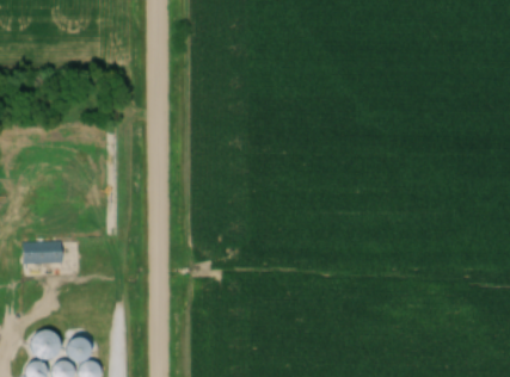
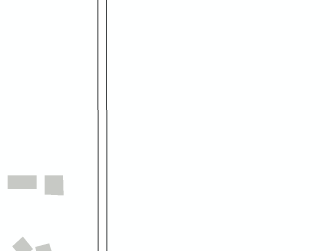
building: none -> [44,174,65,196]

